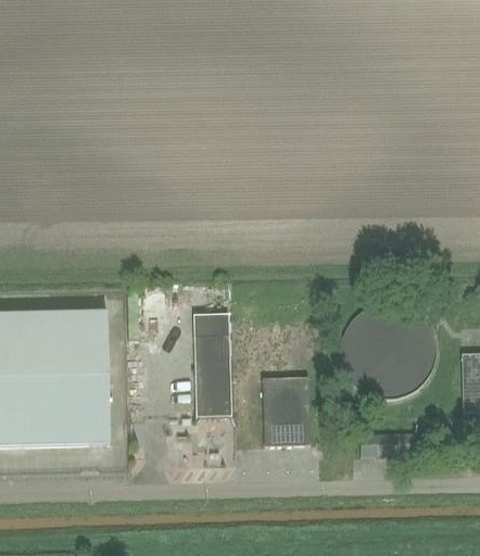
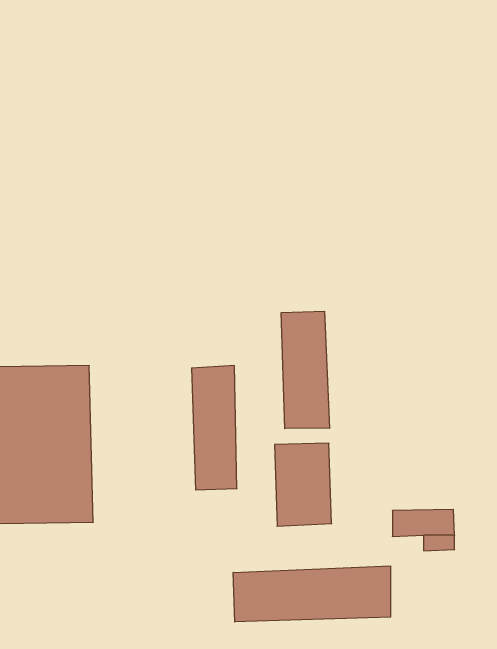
building: none -> [281,311,330,429]
building: none -> [233,566,390,622]

